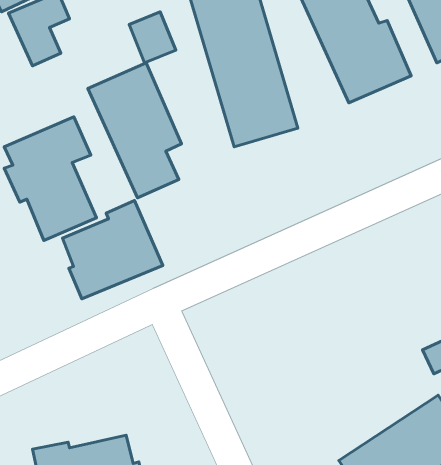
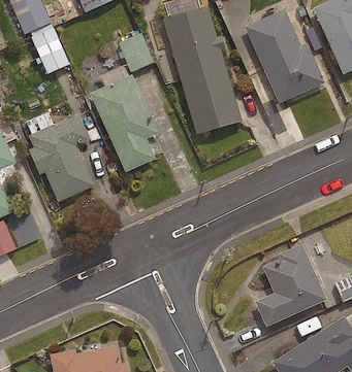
building: [62,201,163,299] -> none
building: none -> [255,243,325,325]

